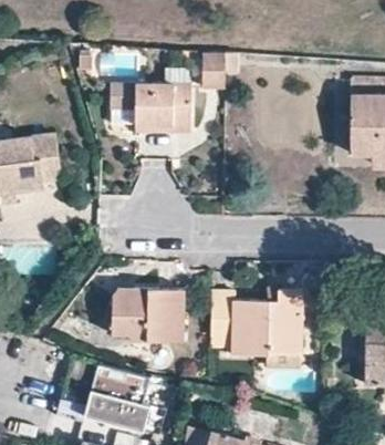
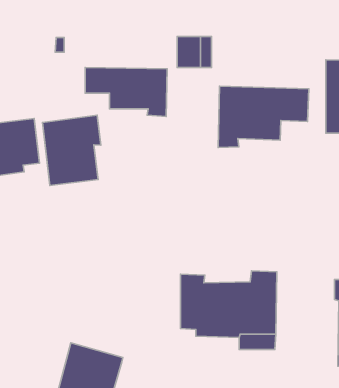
building: none -> [218,86,309,147]
building: none -> [43,115,101,185]
building: [111,288,183,340] -> none

